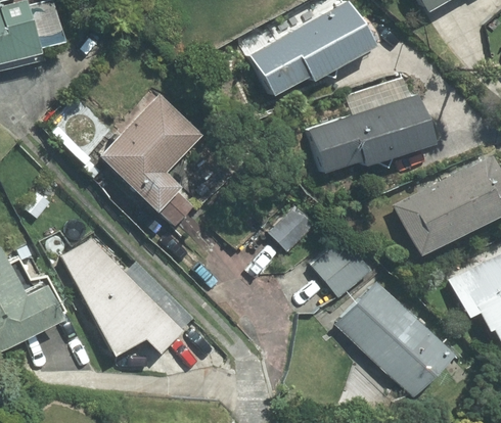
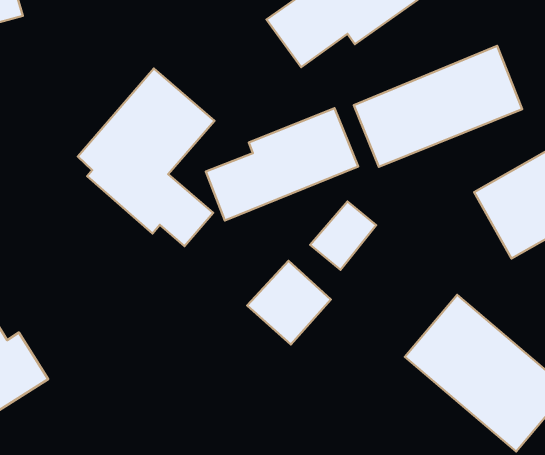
building: none -> [206,108,358,220]
building: [308,236,371,299] -> [247,261,331,344]
building: [57,239,185,359] -> none

